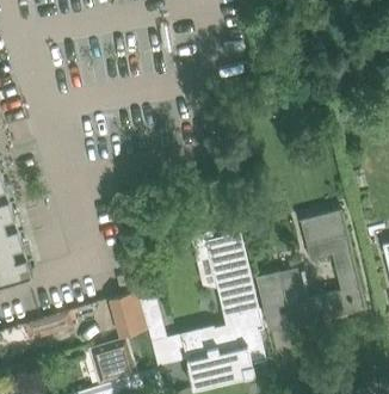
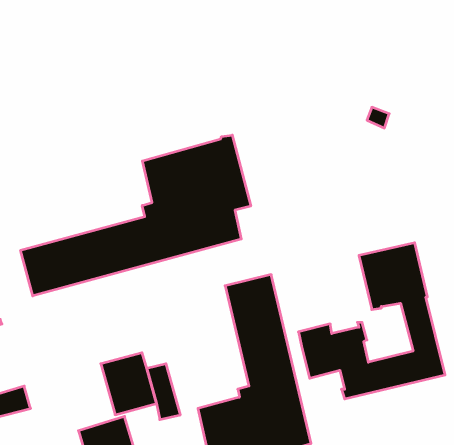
building: none -> [21,135,251,296]

